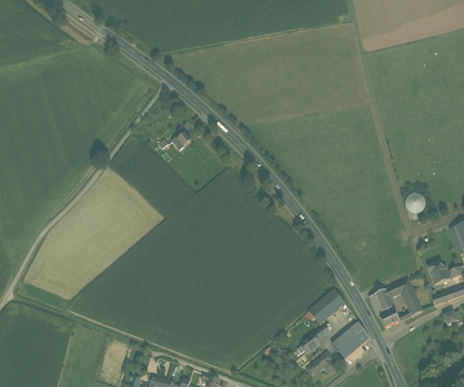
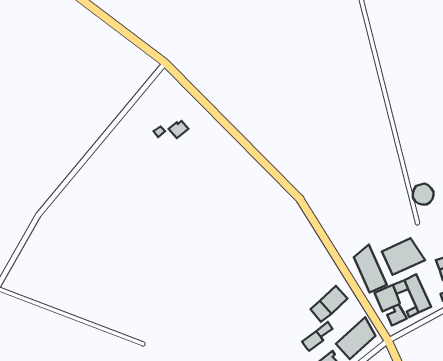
building: none -> [382,238,425,275]
building: none -> [354,245,387,292]

